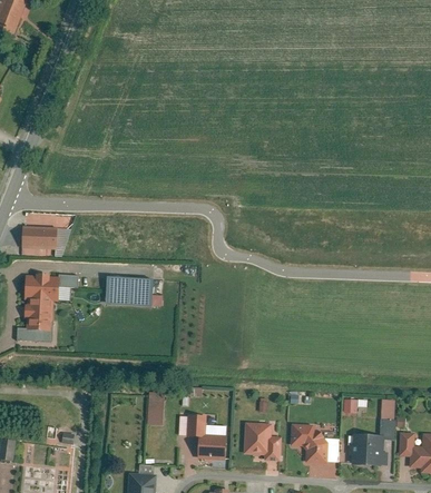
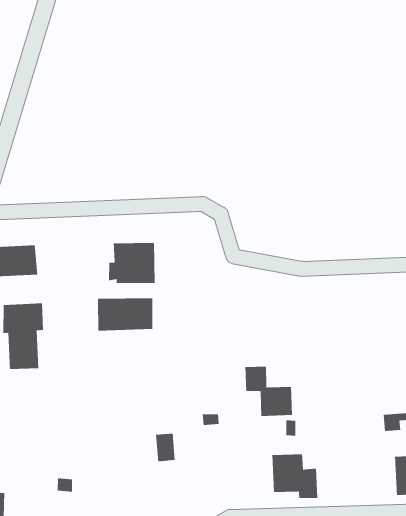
building: none -> [109,242,155,284]
building: [186,416,226,461] -> [245,366,293,416]
building: [291,425,327,463] -> none

